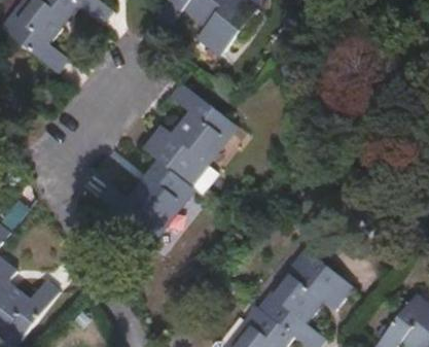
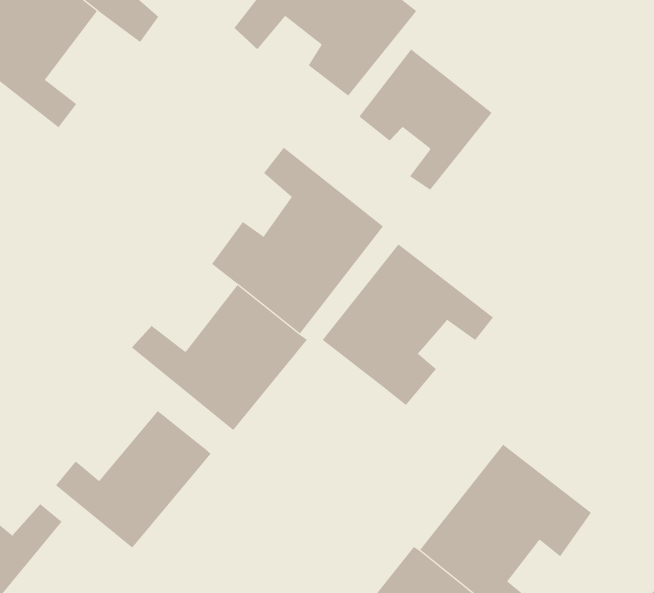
building: none -> [359,49,493,191]
building: none -> [322,244,494,406]
building: none -> [55,410,211,548]

